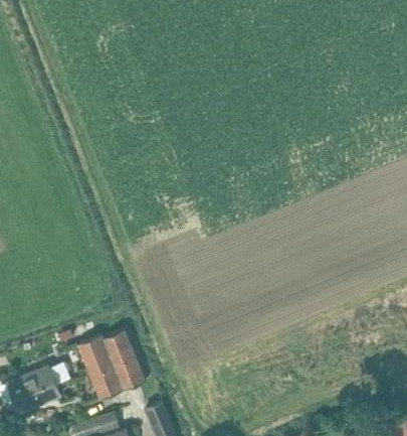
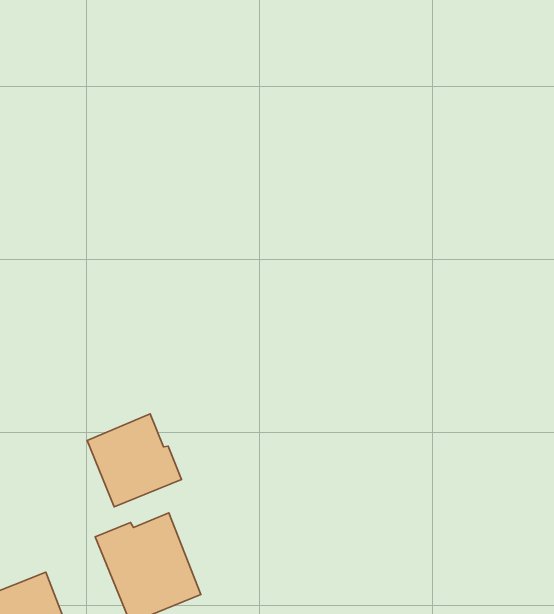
building: none -> [87,414,182,507]

